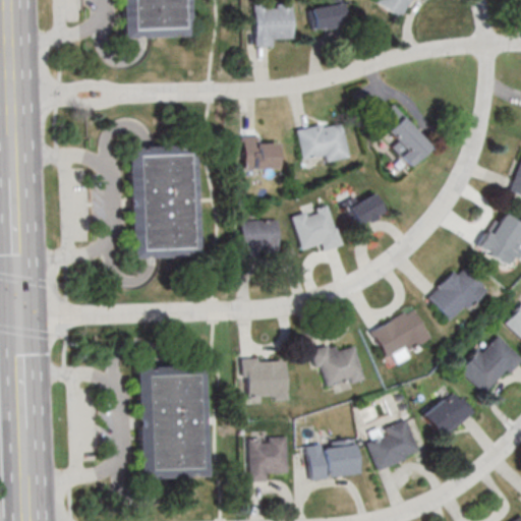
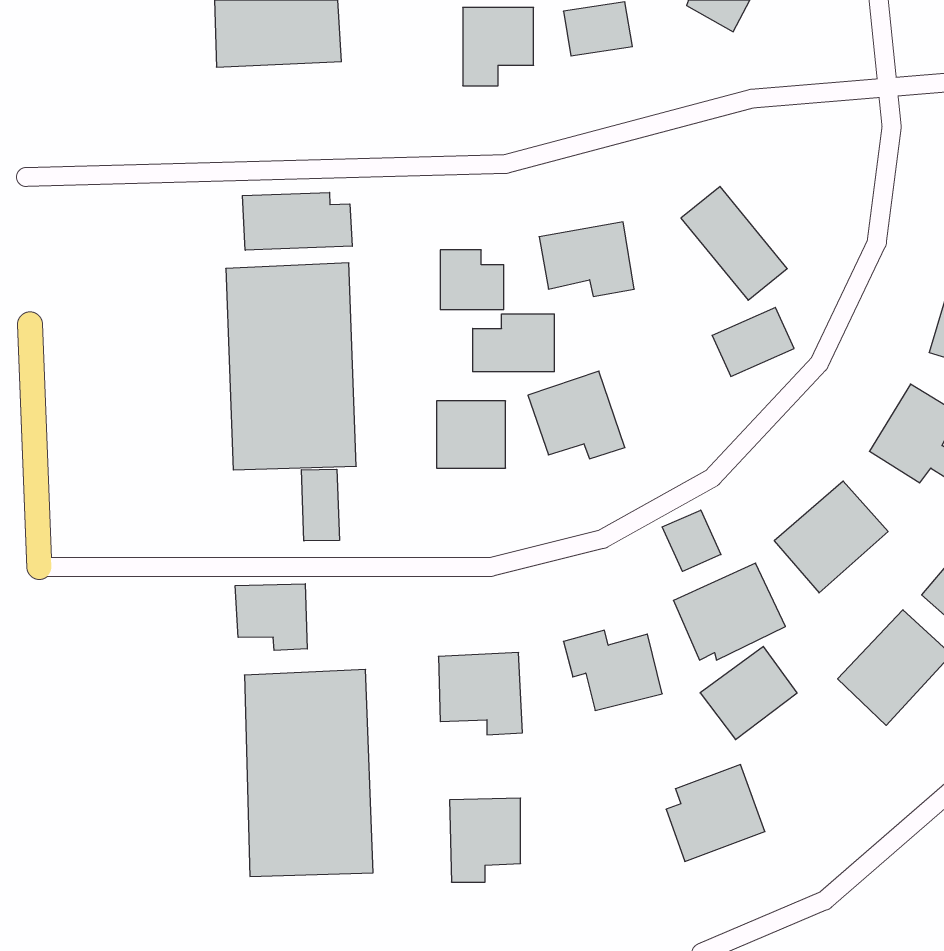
building: none -> [242,192,352,250]
building: none -> [473,314,554,372]
building: [344,191,389,229] -> [712,307,794,376]
building: none -> [301,469,339,541]
building: none -> [662,510,721,571]
building: none -> [235,584,307,650]
building: [423,389,476,440] -> [700,646,797,740]
building: [308,439,361,481] -> none

